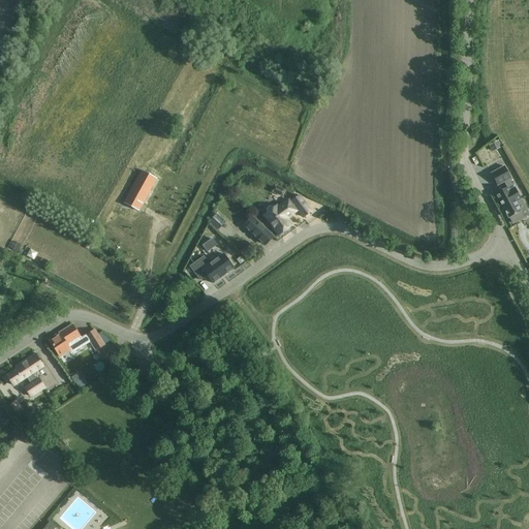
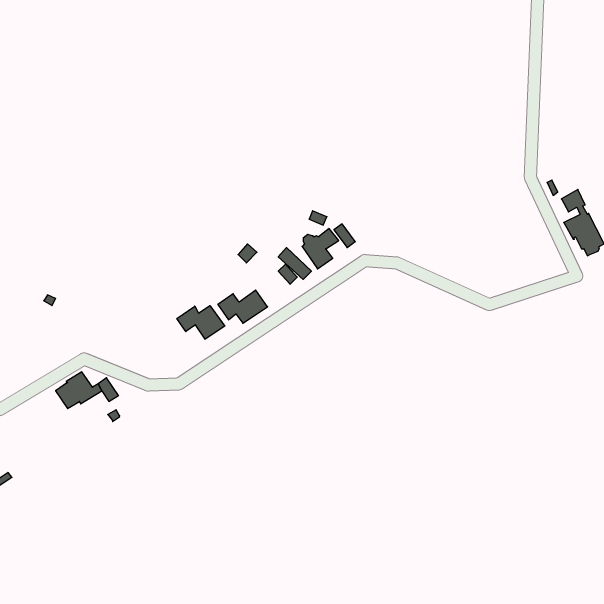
building: [122,169,156,210] -> none
building: none -> [177,306,225,339]
building: [6,353,43,396] -> none

